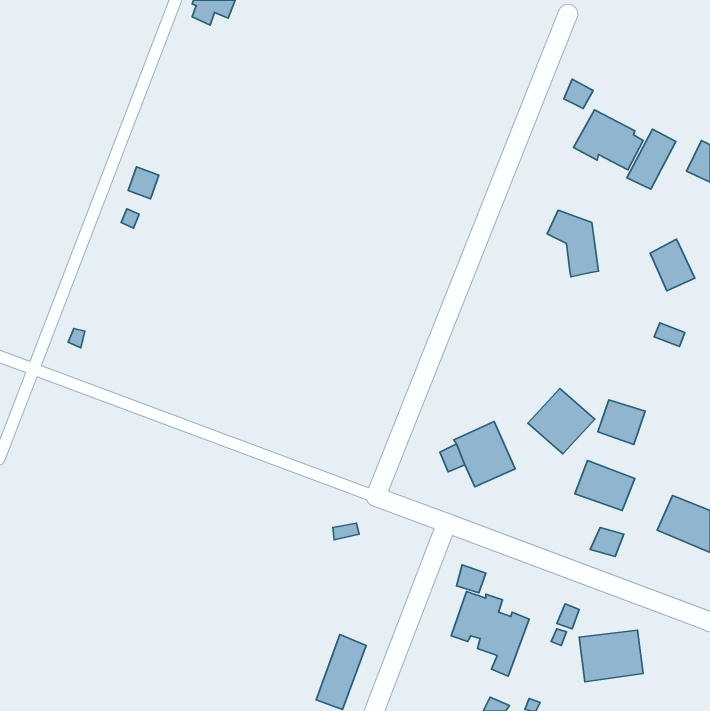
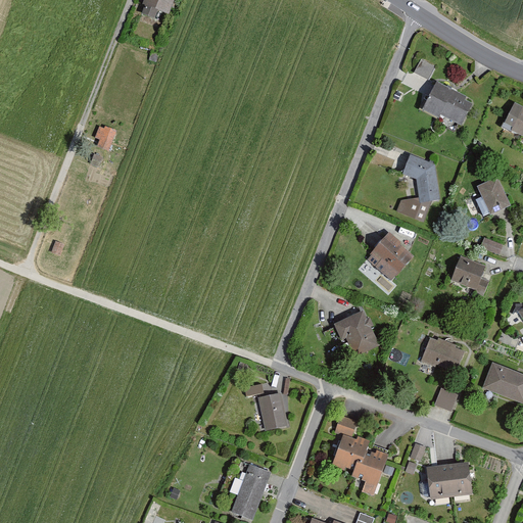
building: [627,129,676,189] -> none
building: none -> [396,197,432,223]
building: [528,389,595,454] -> [365,232,414,280]
building: [598,400,645,444] -> [449,256,484,289]
building: none -> [257,392,287,430]

